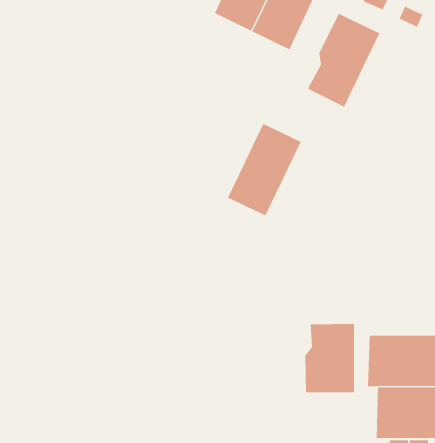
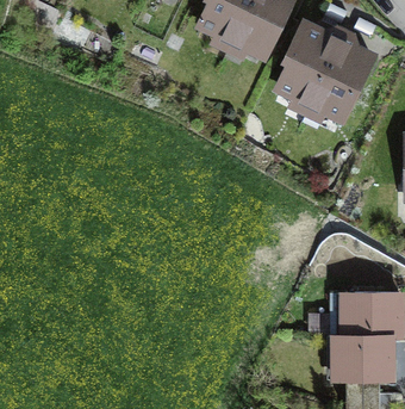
building: [227,123,302,216] -> [313,41,375,118]
building: [305,323,354,393] -> none

